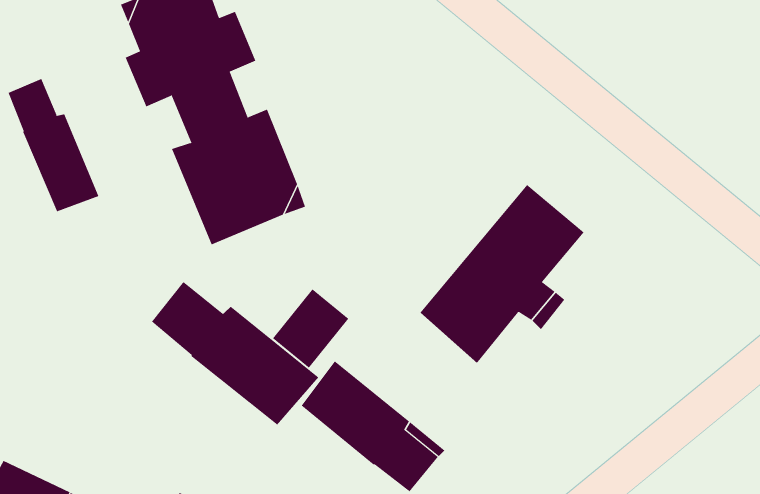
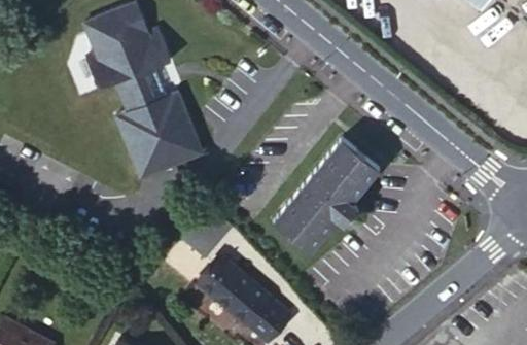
building: [8,78,99,212] -> none
building: [151,281,319,425] -> none

